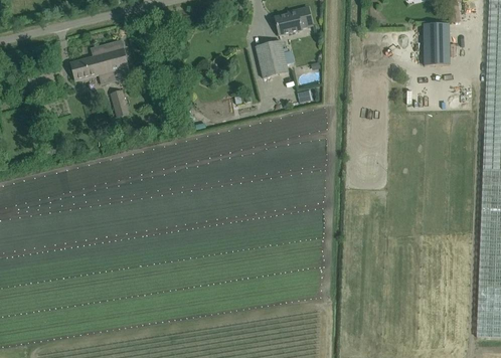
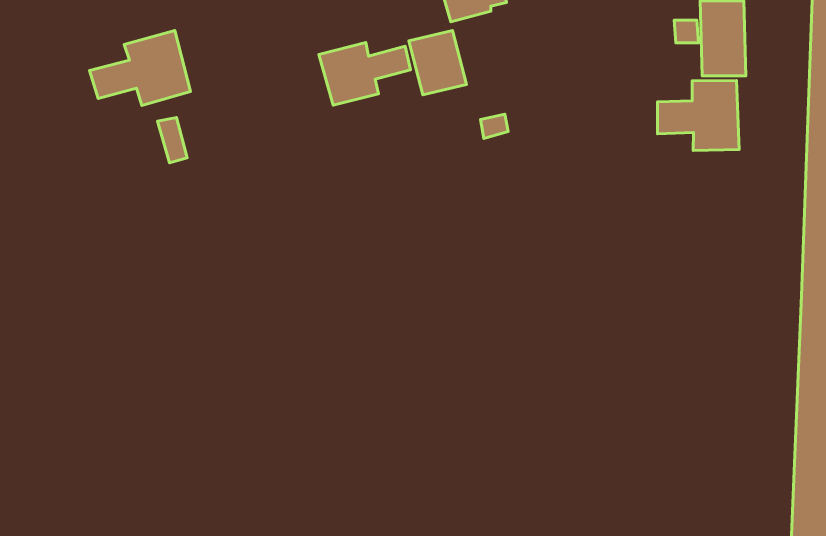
building: none -> [319,43,410,105]
building: none -> [657,80,739,150]

